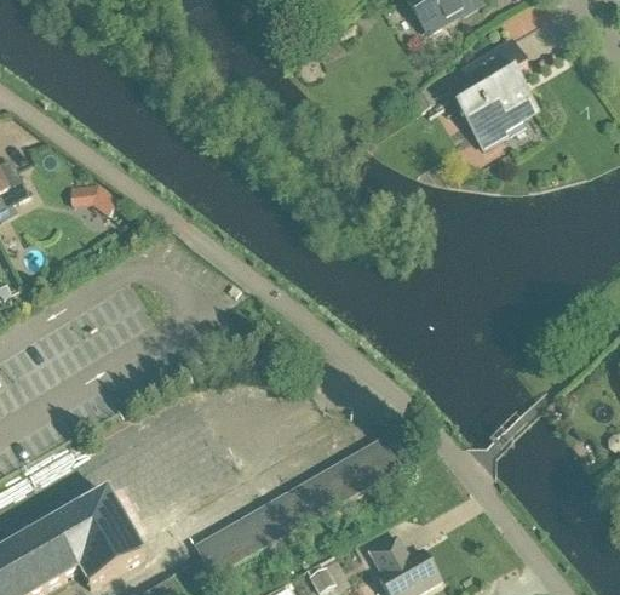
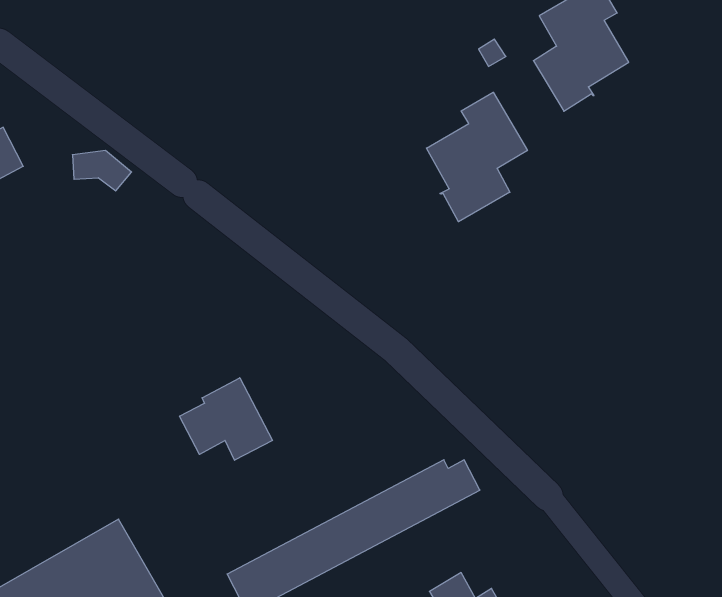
building: none -> [426,92,527,222]
building: none -> [180,378,272,460]

